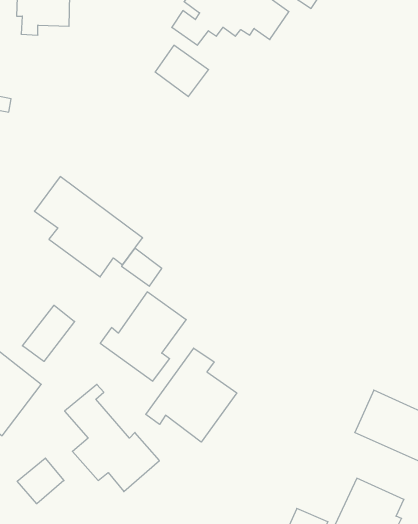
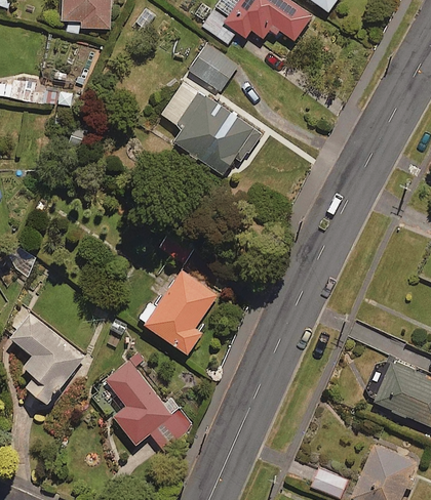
building: [34,177,143,277] -> [160,80,260,172]
building: [22,305,75,361] -> none
building: [146,348,237,442] -> none
building: [17,458,64,504] -> none

